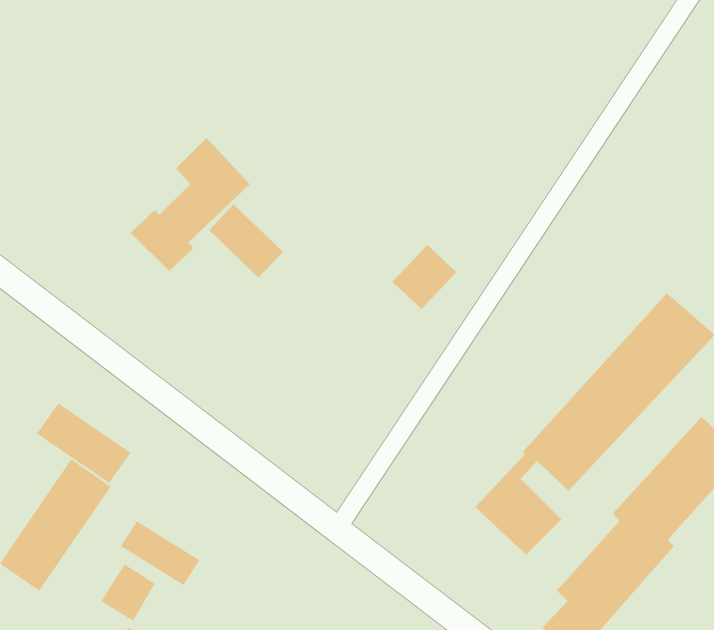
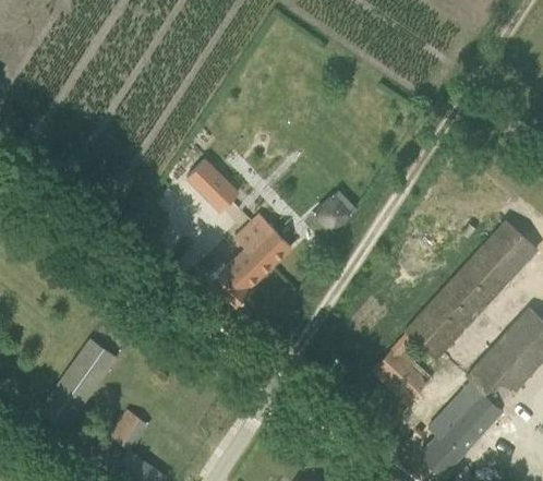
building: [130,137,250,272] -> [205,215,289,309]
building: [36,402,131,484] -> none
building: [120,521,200,586] -> none

